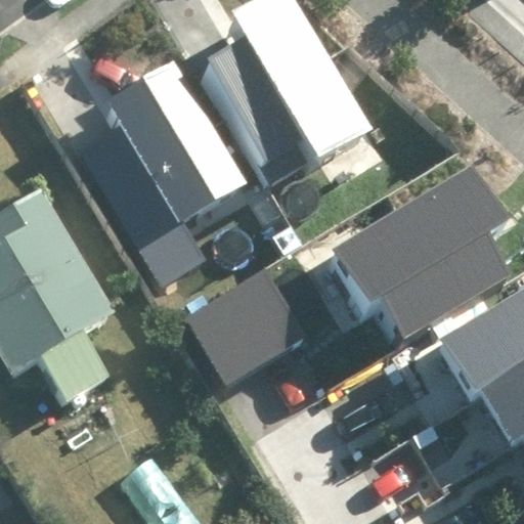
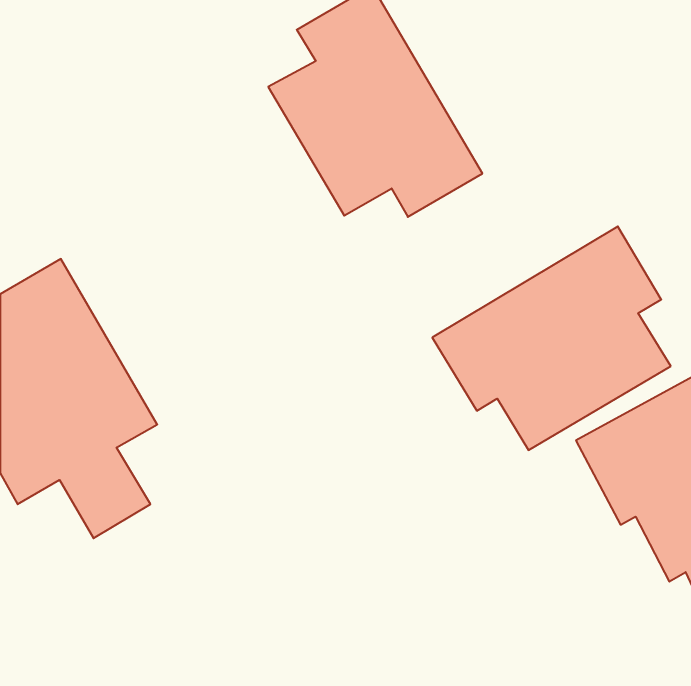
building: [79,62,245,279] -> none
building: [179,267,300,382] -> none

